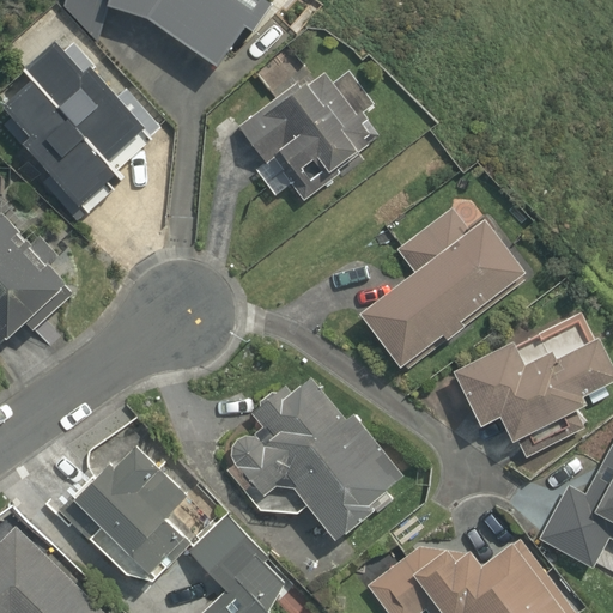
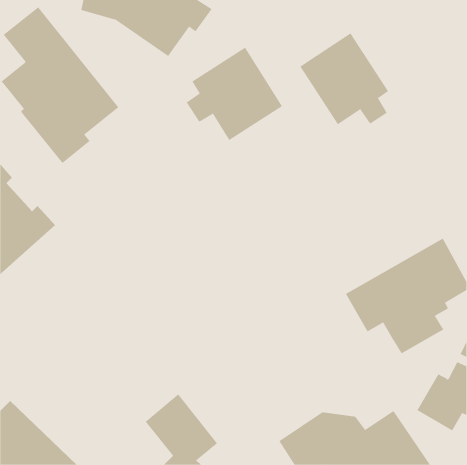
building: none -> [300,32,389,125]
building: [360,189,529,372] -> none
building: [227,377,407,545] -> none
building: [55,450,190,594] -> none

